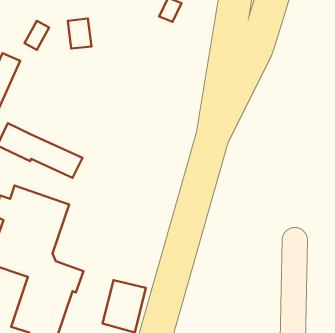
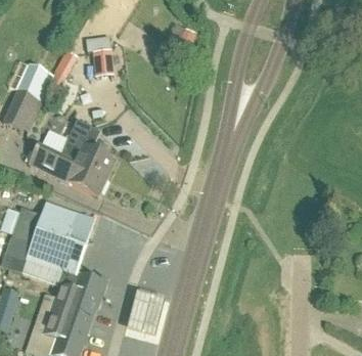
building: none -> [60,120,116,176]

